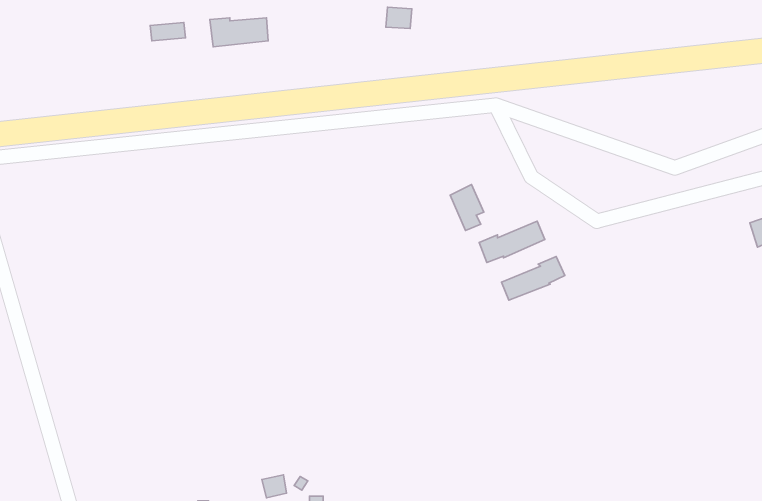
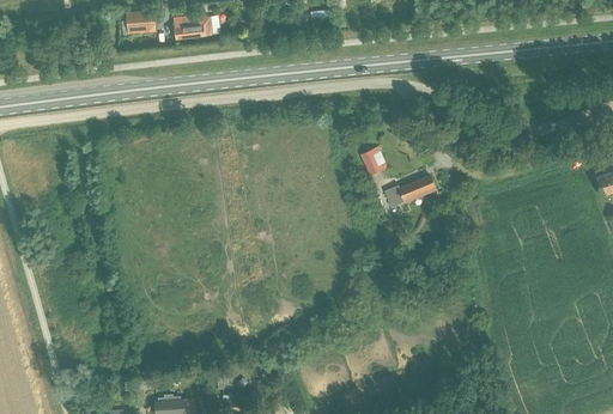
building: [501,257,565,300] -> none

